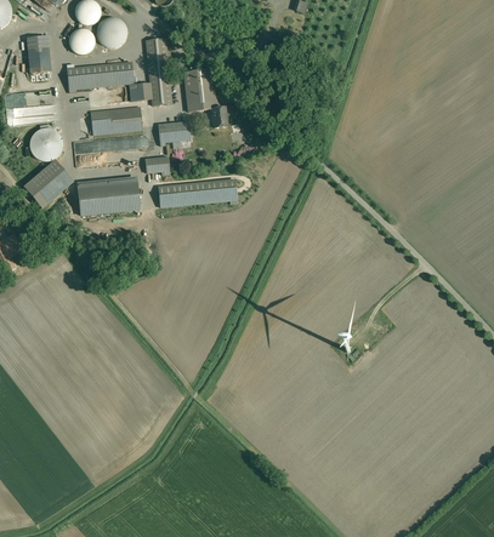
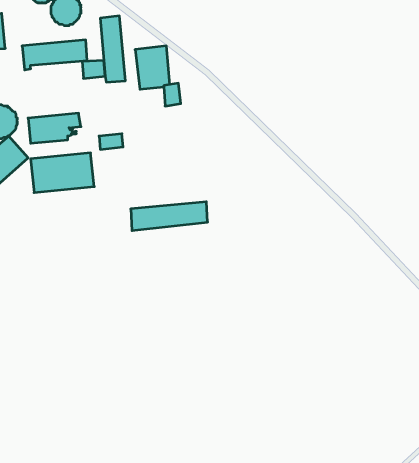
building: [68,29,95,56] -> none
building: [90,107,142,135] -> none
building: [158,121,189,143] -> none
building: [158,179,235,208] -> [131,202,208,231]

